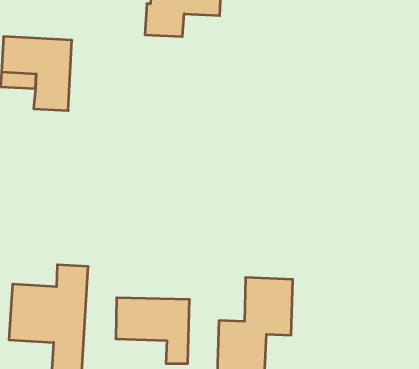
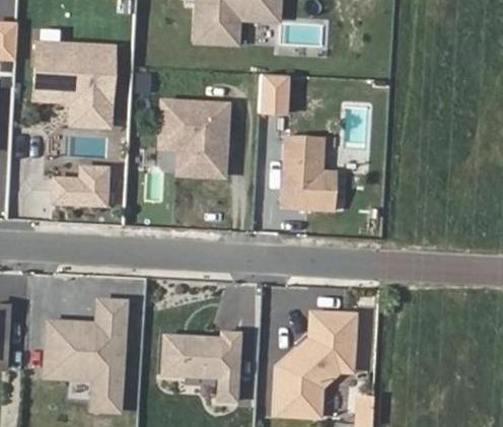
building: none -> [260,75,292,118]
building: none -> [160,101,226,175]
building: none -> [281,135,339,212]
building: none -> [53,166,105,203]

